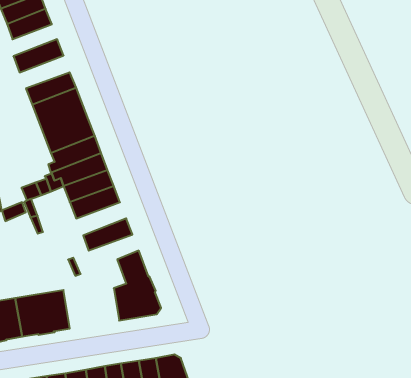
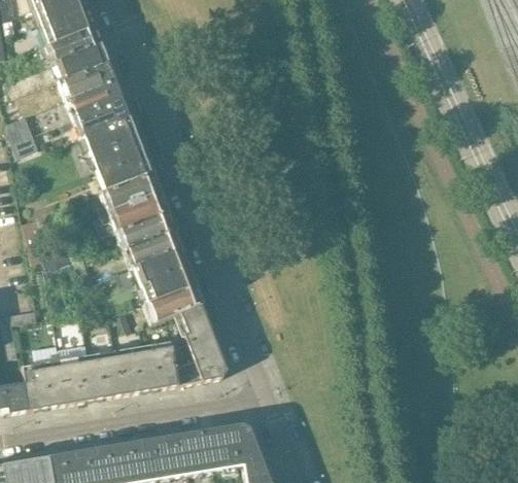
building: none -> [53,42,109,79]
building: none -> [66,78,124,116]
building: none -> [131,247,188,285]
building: none -> [145,284,203,322]
building: none -> [116,338,180,392]

